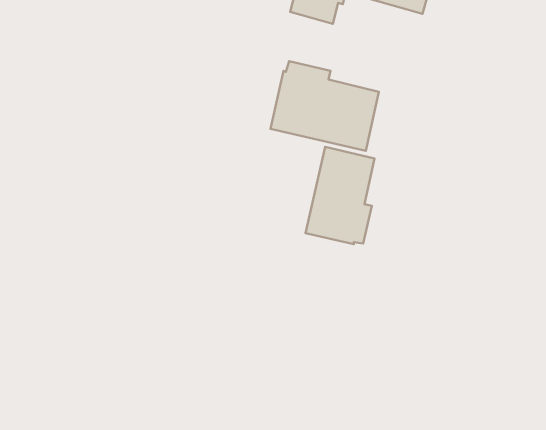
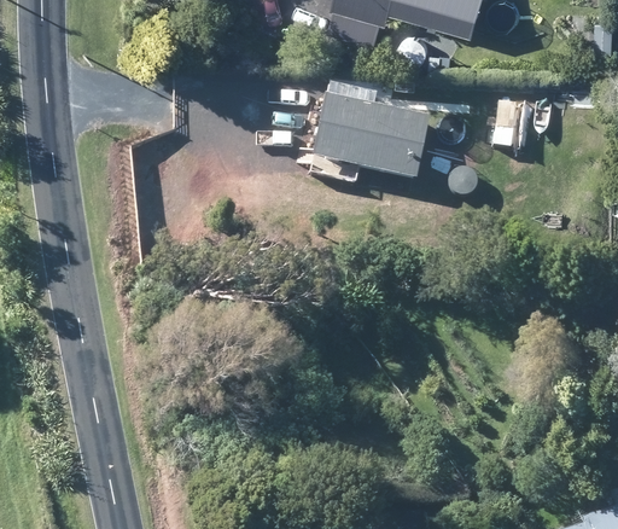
building: [305,147,374,244] -> none

